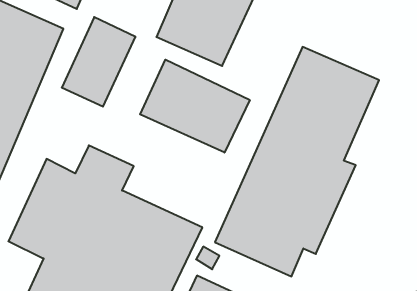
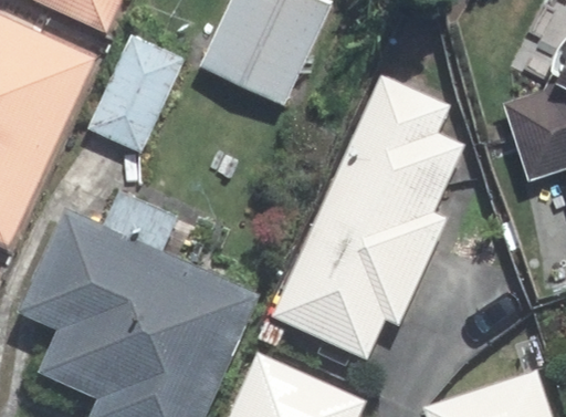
building: [140,60,250,153] -> none

